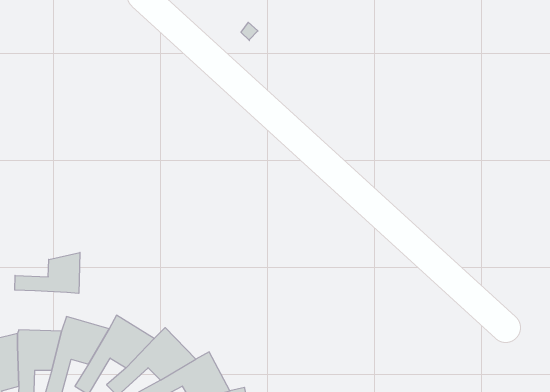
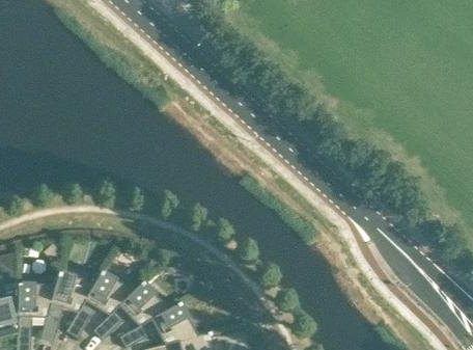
building: [15,252,80,293] -> none

